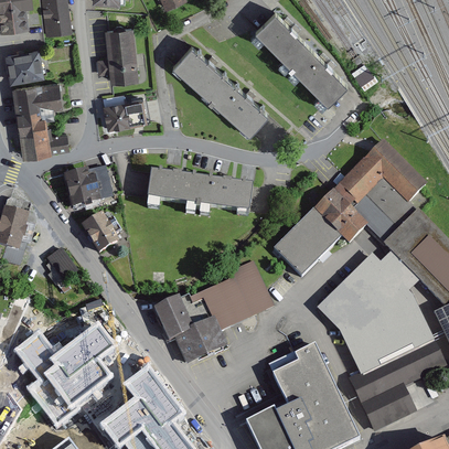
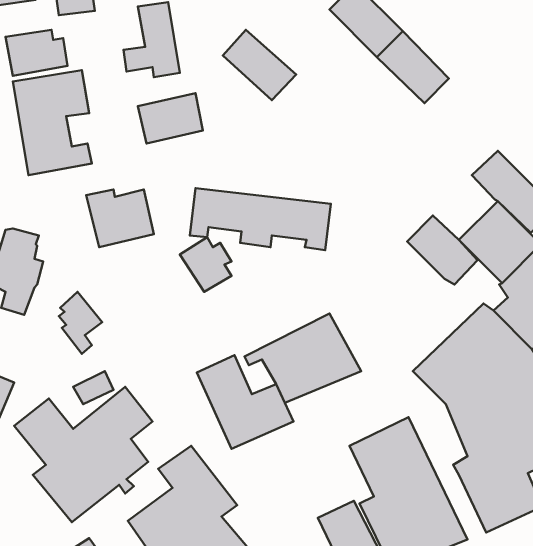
building: [209,81,265,135] -> none
building: [332,158,379,204] -> none
building: [272,209,341,276] -> none
building: [79,211,119,253] -> [180,237,232,292]

